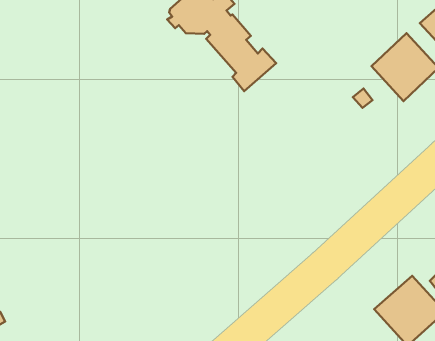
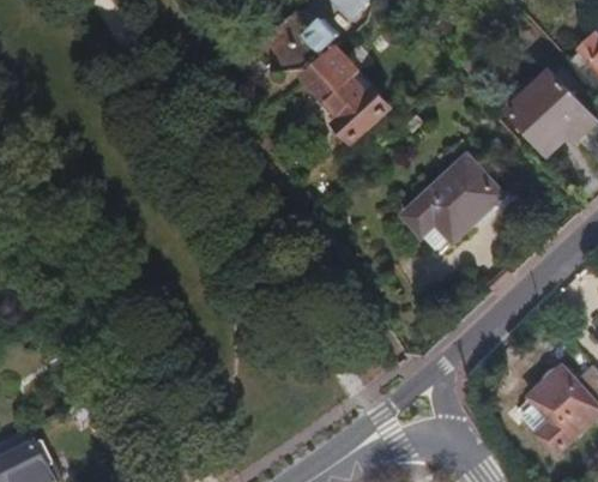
building: none -> [403,155,502,253]

